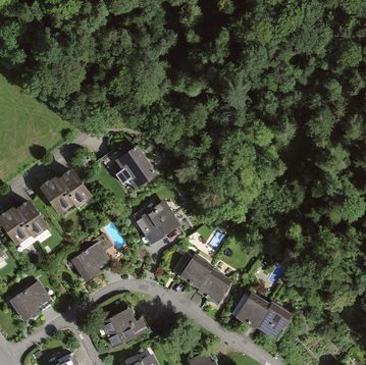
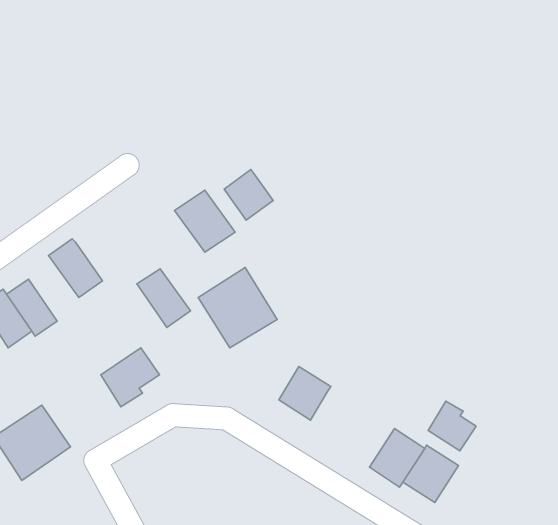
building: none -> [224,169,273,220]
building: [57,170,90,206] -> [137,269,190,327]
building: [198,270,229,303] -> none
building: none -> [428,401,476,451]
building: [101,310,145,347] -> none

